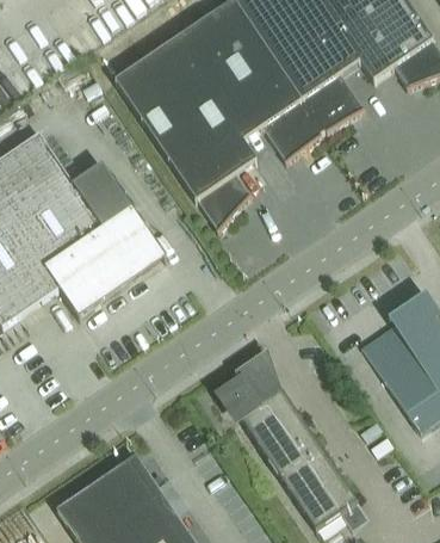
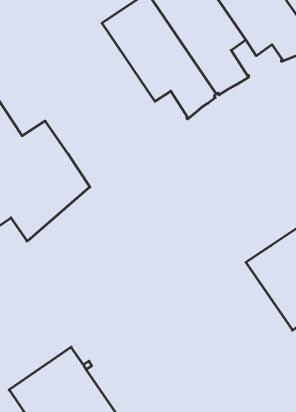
building: [114,37,256,229] -> none
building: [219,362,358,527] -> none

